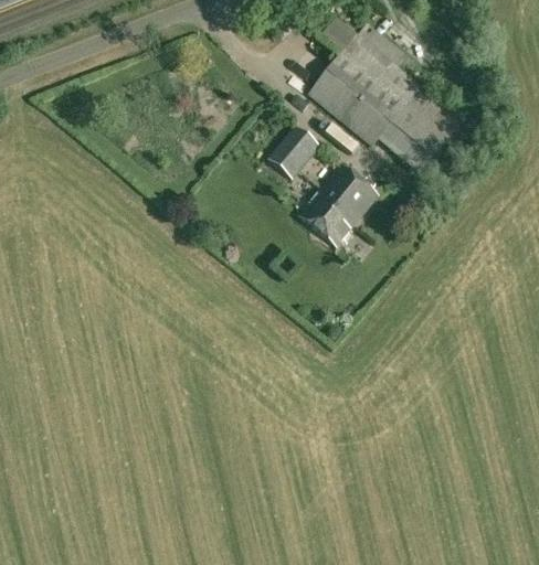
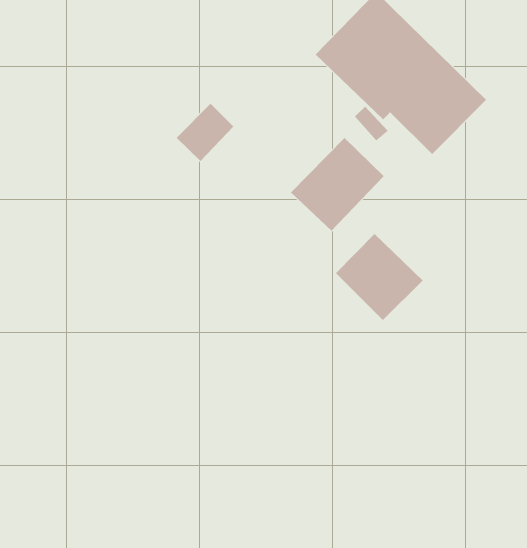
building: [268,125,318,177] -> [176,103,234,162]
building: none -> [335,233,423,321]

